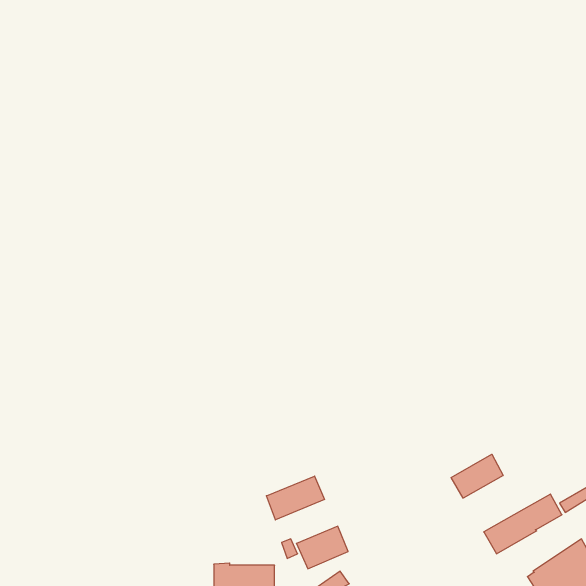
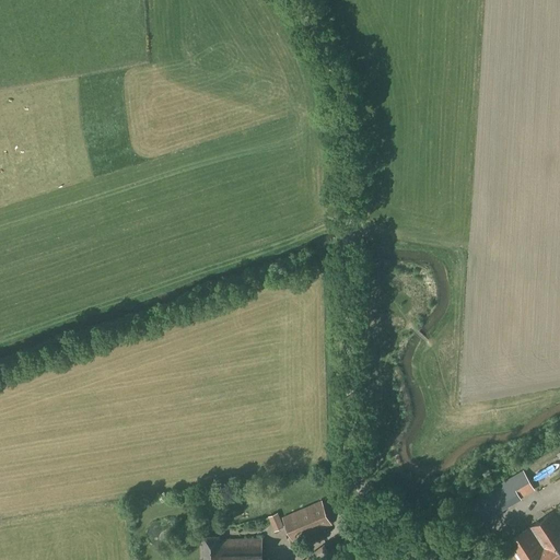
building: [451,454,503,498] -> none
building: [266,476,325,520] -> none

